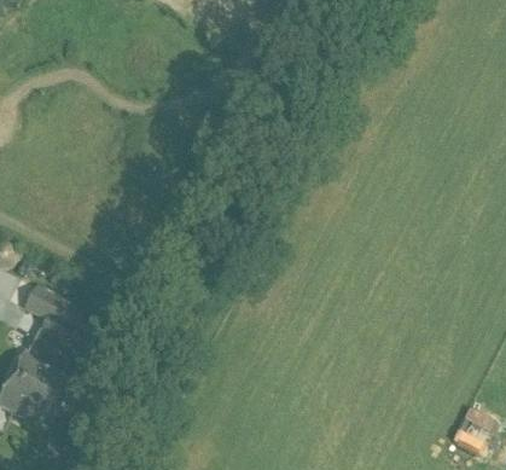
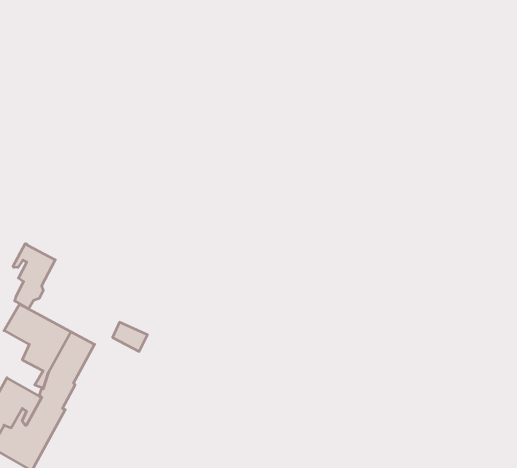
building: none -> [13,244,55,309]

